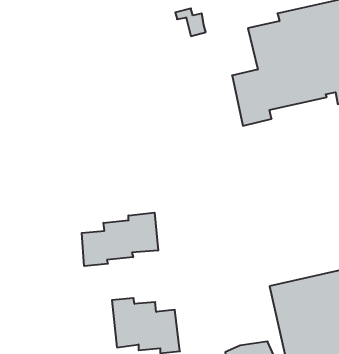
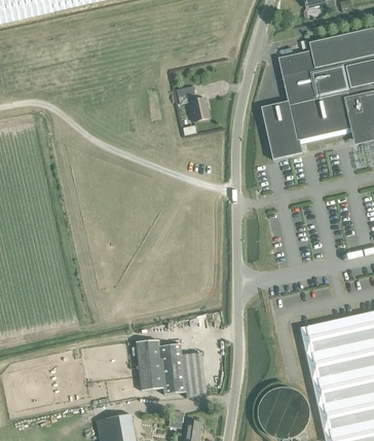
building: [175,8,206,36] -> [178,93,210,121]
building: [82,213,158,266] -> none

